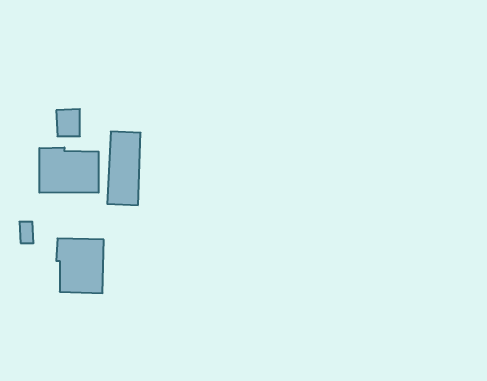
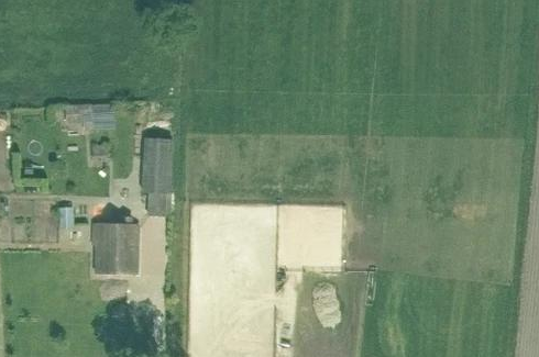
building: [39,147,99,193] -> none

